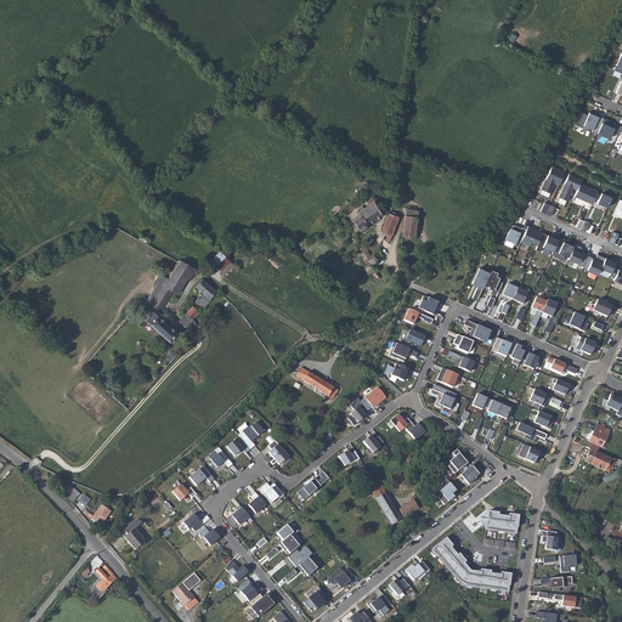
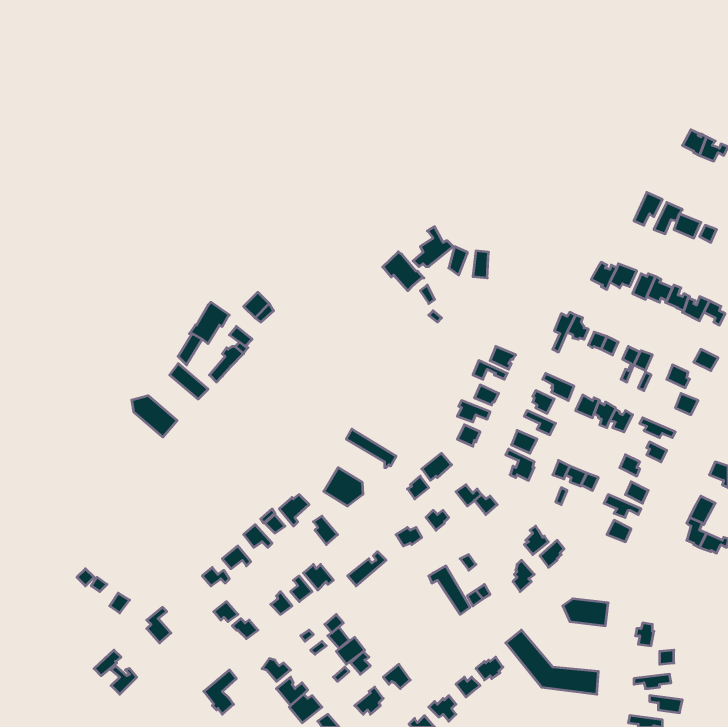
building: none -> [383,252,424,291]
building: none -> [132,396,177,437]
building: none -> [324,468,363,506]

